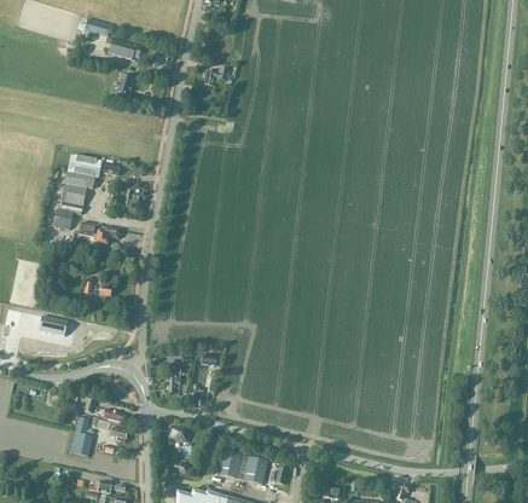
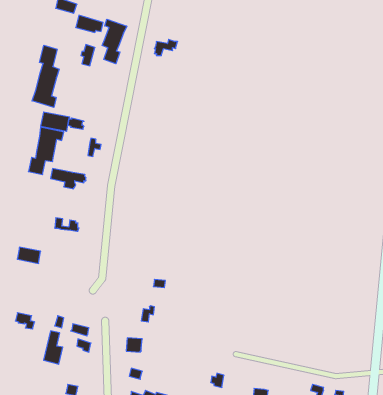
building: none -> [102,19,127,64]
building: none -> [32,45,59,107]
building: [217,450,267,484] -> none

